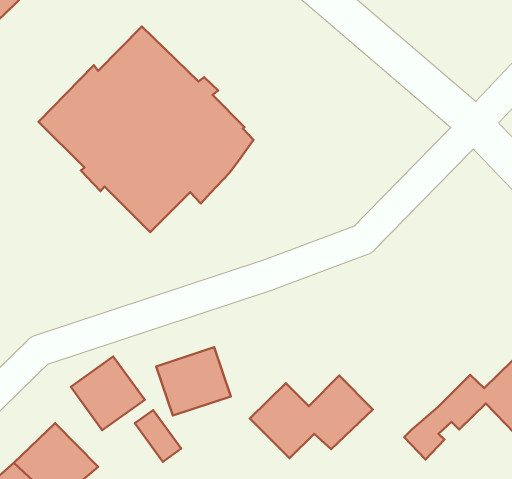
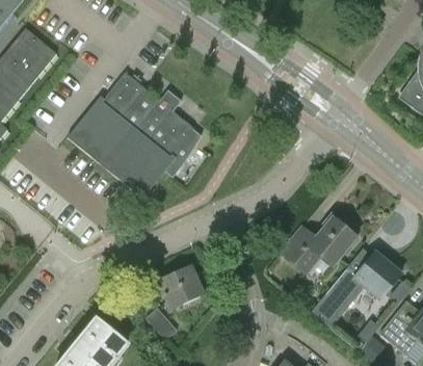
building: [71,356,145,430] -> none
building: [250,375,373,458] -> [281,218,355,272]

